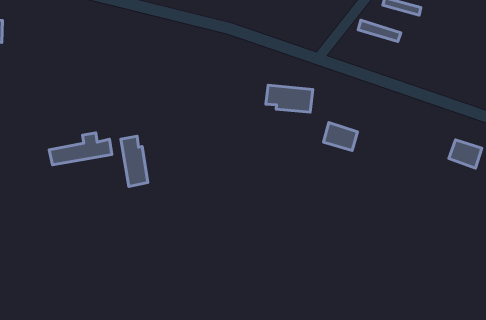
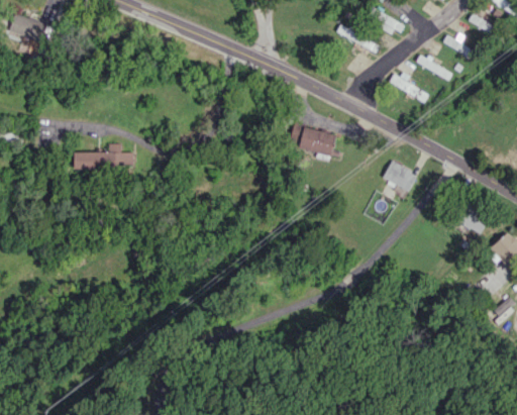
building: [324,123,358,150] -> [383,161,417,191]
building: [121,136,148,186] -> none

